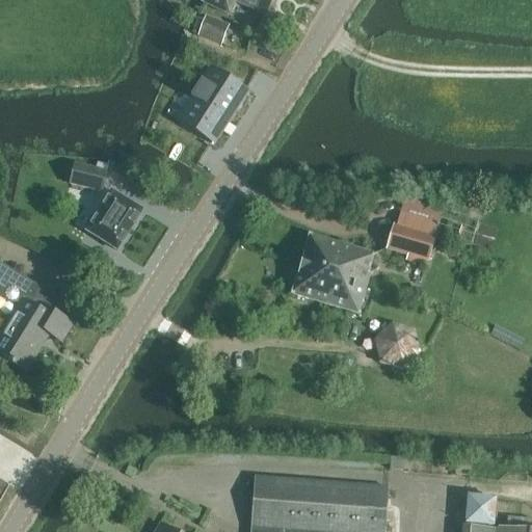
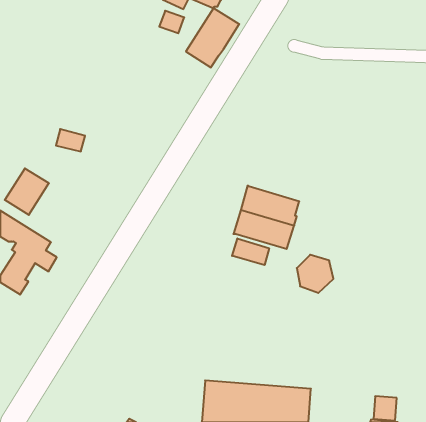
building: [180,66,246,140] -> [186,8,239,67]
building: [87,189,142,247] -> [5,168,49,215]
building: [388,210,435,264] -> none
building: none -> [232,238,269,265]

